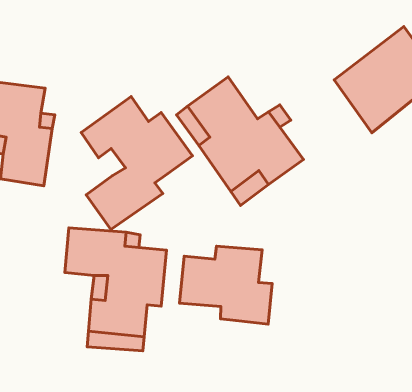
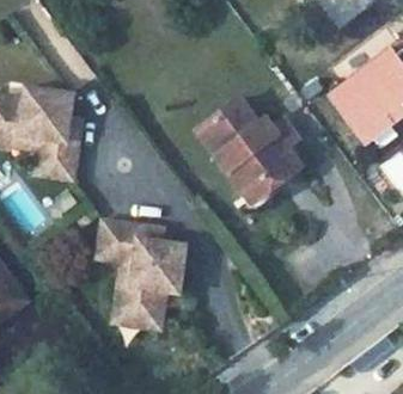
building: [81,96,192,229] -> none
building: [179,246,272,324] -> none

